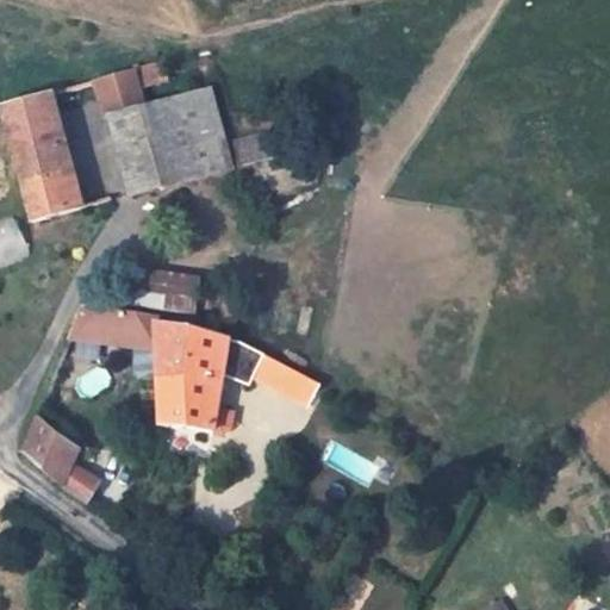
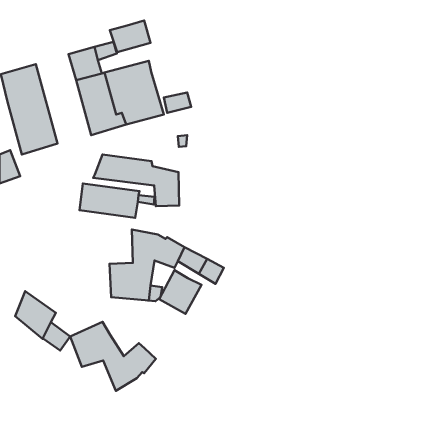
building: none -> [110,20,150,52]
building: [67,303,189,376] -> [93,155,179,206]
building: none -> [159,270,201,314]
building: none -> [70,322,156,391]

